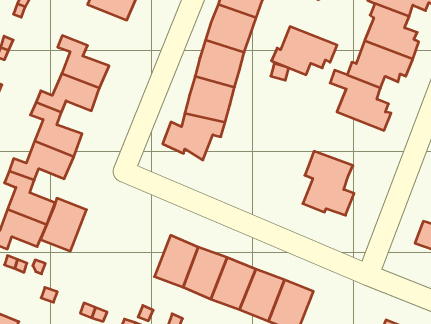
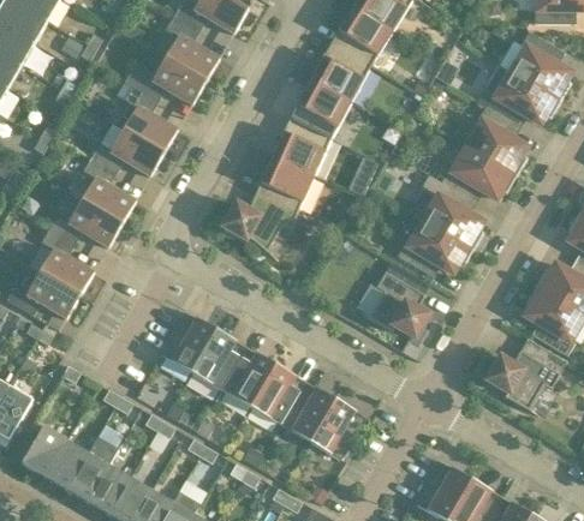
building: none -> [123,58,205,104]
building: [271,27,337,75] -> [397,221,472,277]
building: [41,198,87,251] -> [160,311,216,372]

